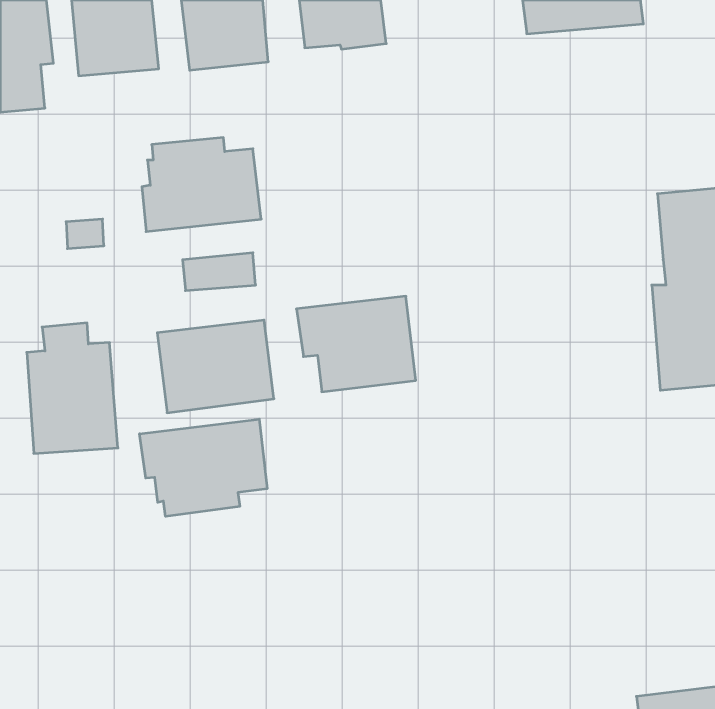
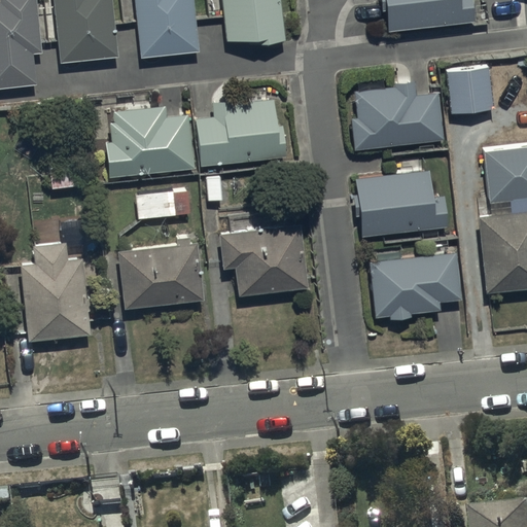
building: none -> [447,67,492,112]
building: none -> [351,80,444,148]
building: none -> [197,101,286,166]
building: none -> [356,172,447,237]
building: none -> [370,252,461,319]
building: [140,419,267,516] -> none

